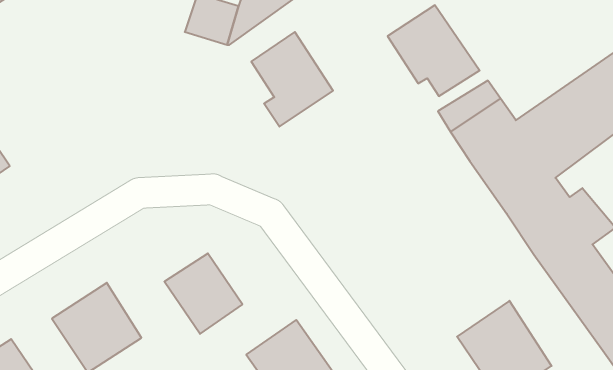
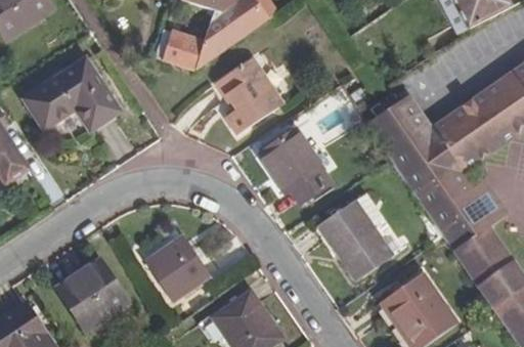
building: [388,5,480,96] -> [258,130,332,203]
building: none -> [23,55,120,129]
building: none -> [321,189,394,277]

